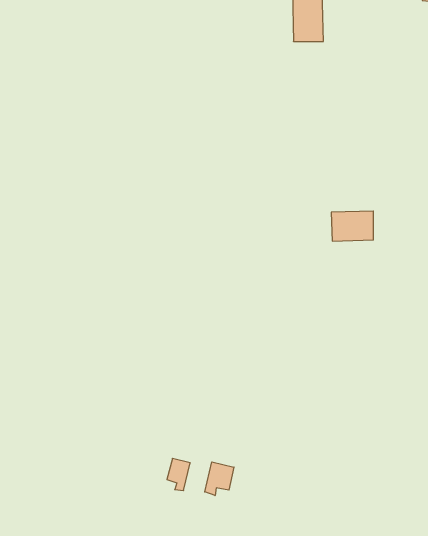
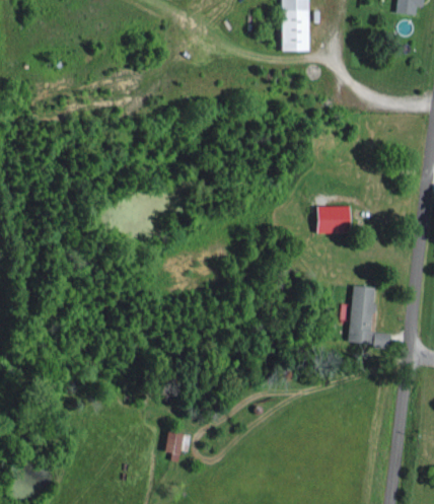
building: none -> [349,285,391,346]
building: [205,462,234,496] -> none

